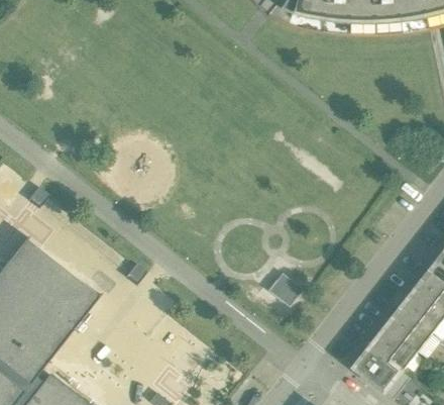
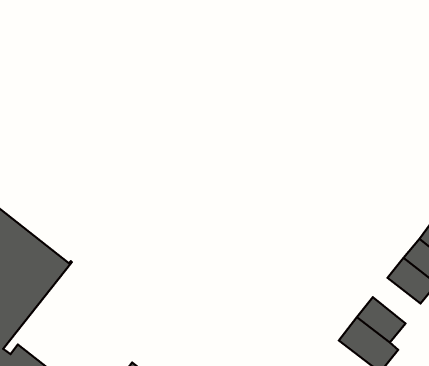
building: [268,268,307,305] -> none
building: [386,307,432,350] -> none

